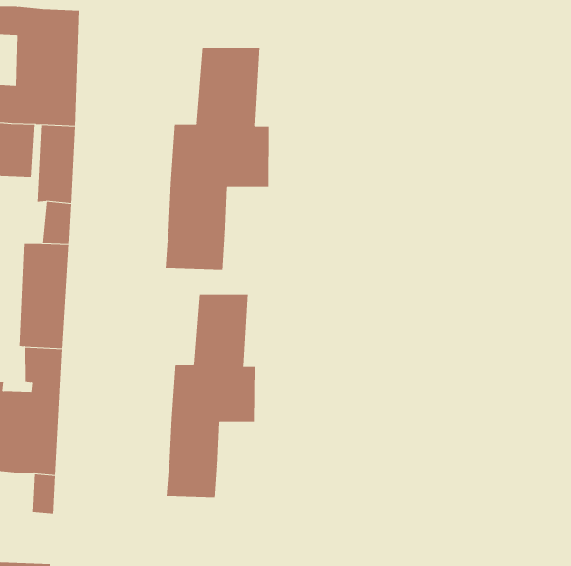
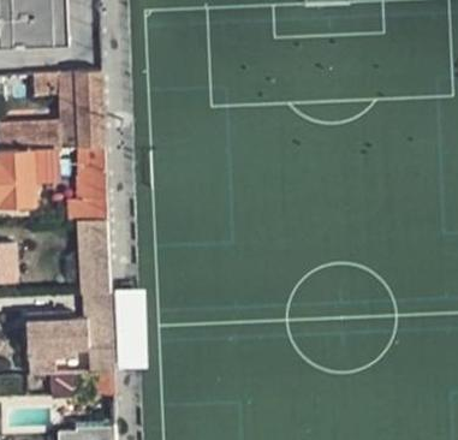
building: [165,47,269,270] -> none
building: [166,294,256,498] -> none

